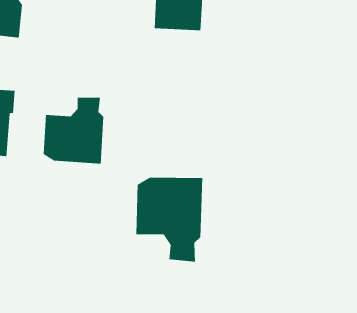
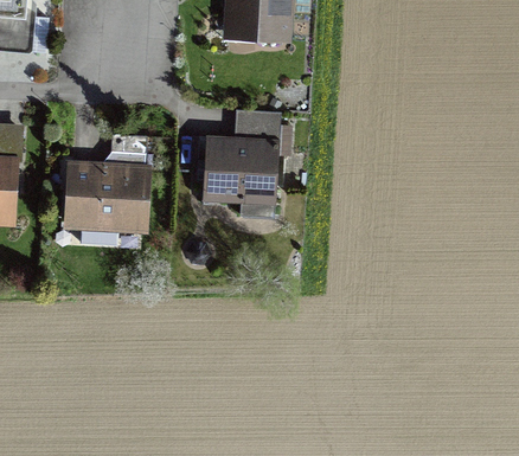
building: none -> [204,110,280,213]
building: [136,177,203,262] -> none

